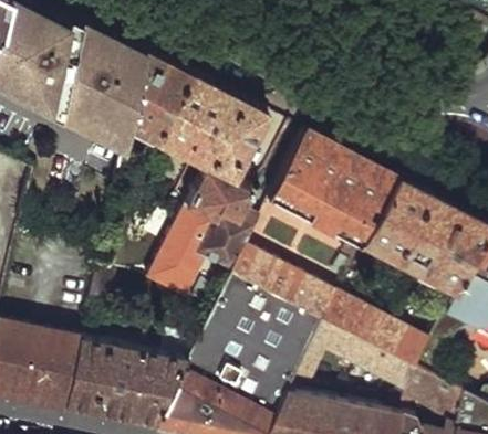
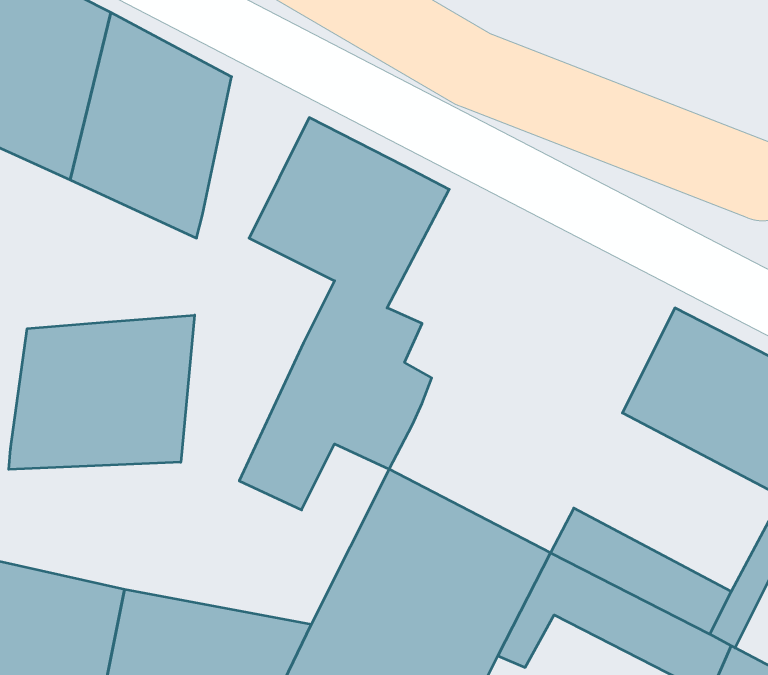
building: [128,52,189,144] -> none
building: [253,134,397,284] -> none
building: none -> [9,315,195,469]
building: [235,250,340,322] -> none

